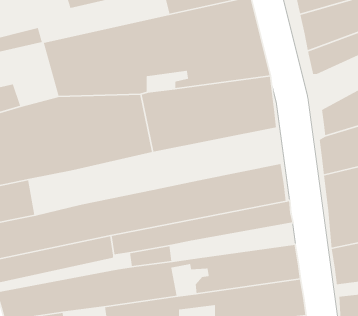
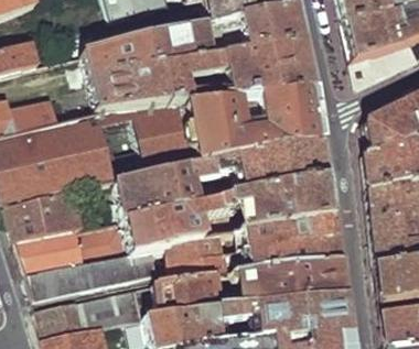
building: none -> [115,135,327,214]
building: none -> [236,232,342,269]

